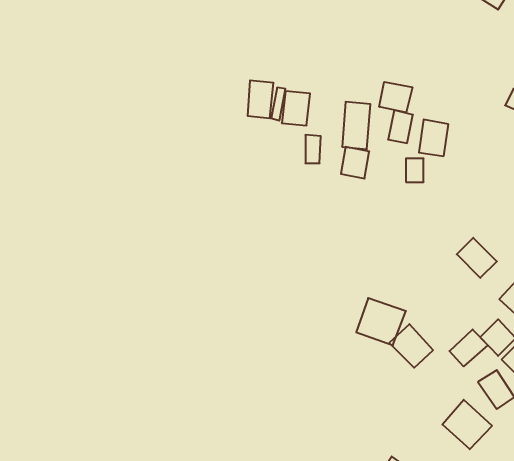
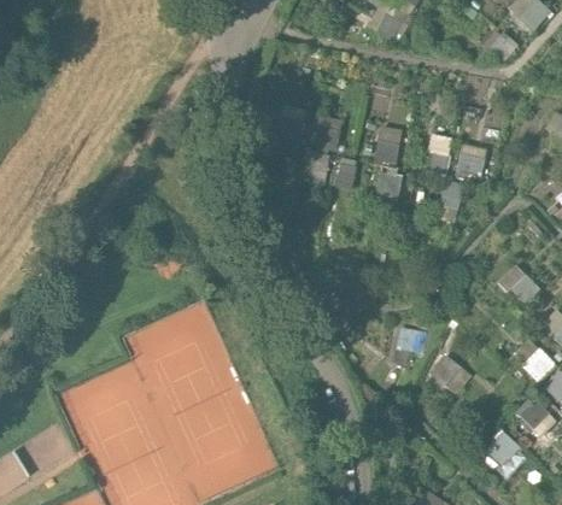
building: [379,82,412,113] -> none
building: [449,329,488,366] -> none

